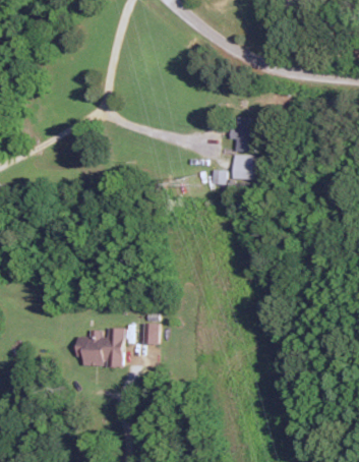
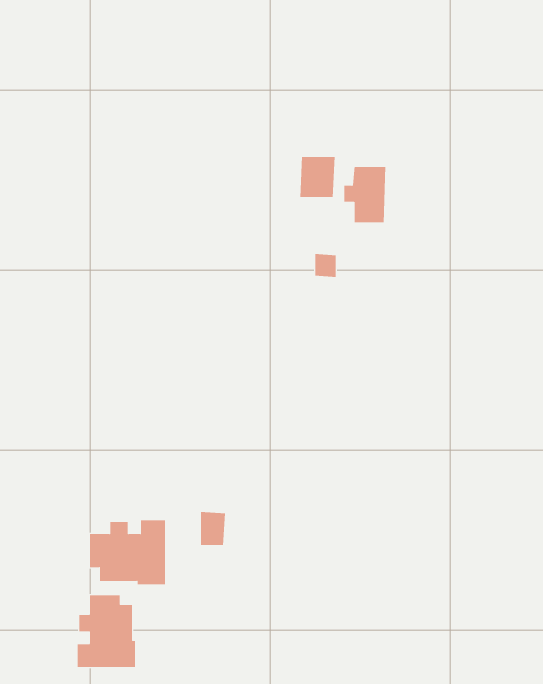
building: [232,155,253,179] -> [299,156,335,197]
building: none -> [77,594,136,668]

